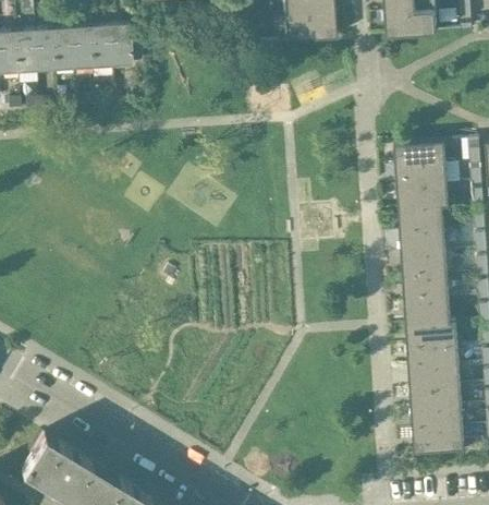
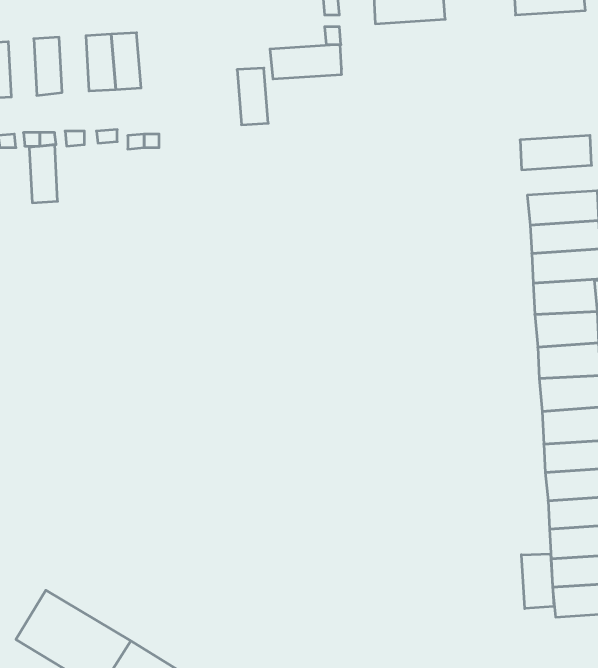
building: [386,9,438,34] -> [520,135,592,170]
building: [283,15,335,40] -> [270,45,342,79]
building: [109,24,132,65] -> [237,68,268,125]
building: [52,27,74,69] -> none
building: [15,29,36,72] -> [29,145,58,203]
building: none -> [521,554,554,609]

